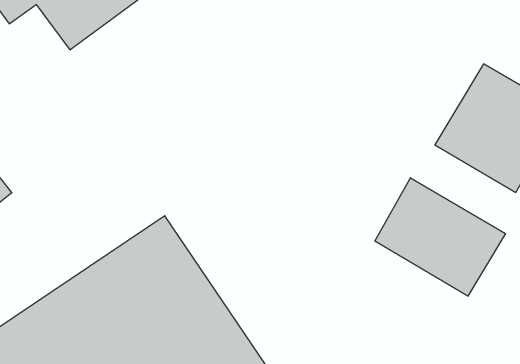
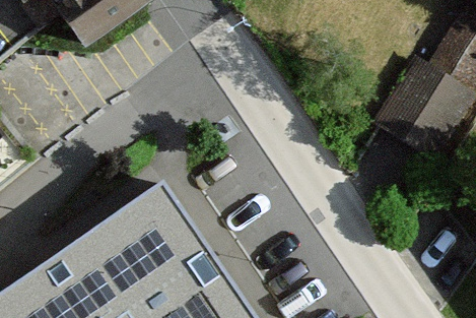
building: [375,178,505,296] -> none

